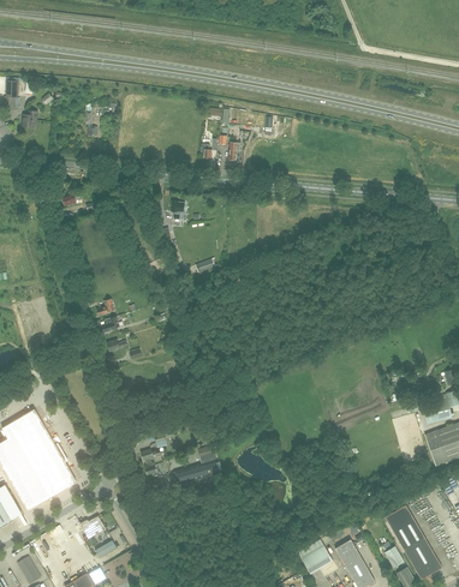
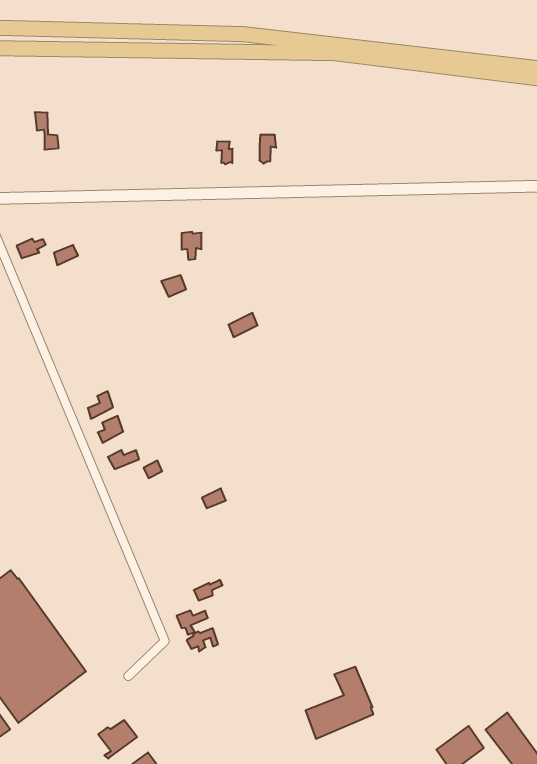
building: [175,445,220,490] -> [305,667,373,739]

